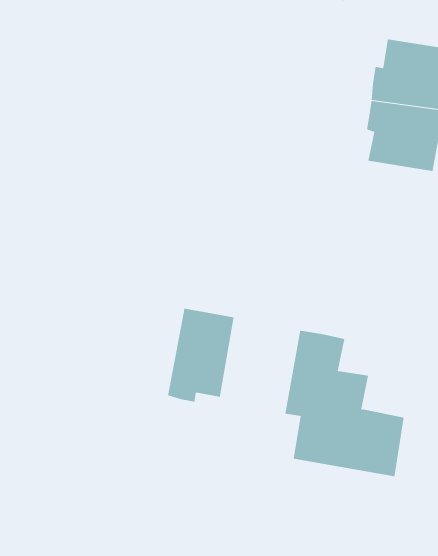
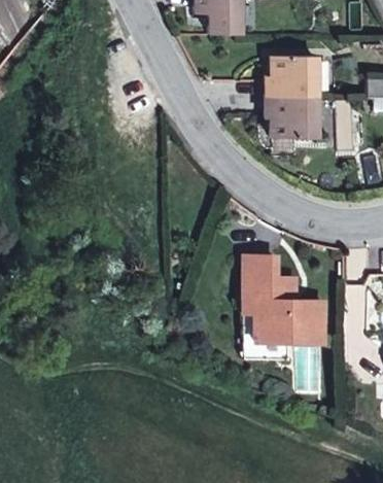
building: [167,308,234,402] -> none

